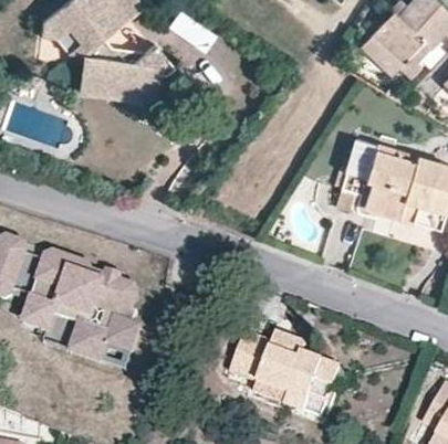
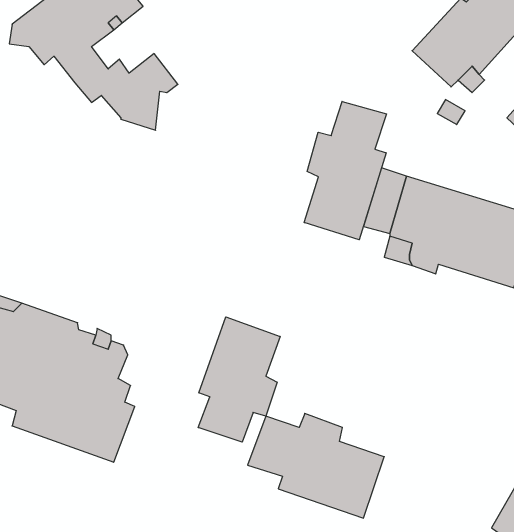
building: [80,66,158,106] -> none
building: none -> [304,101,387,240]
building: none -> [198,317,280,442]

